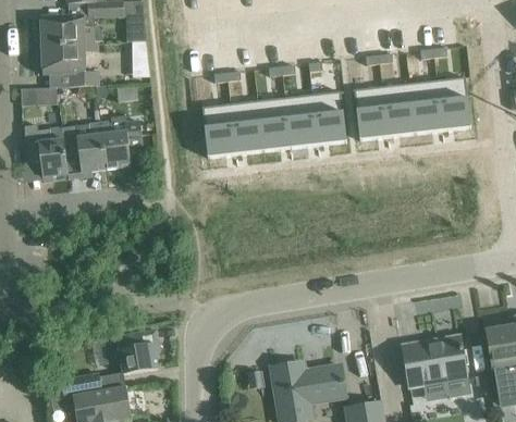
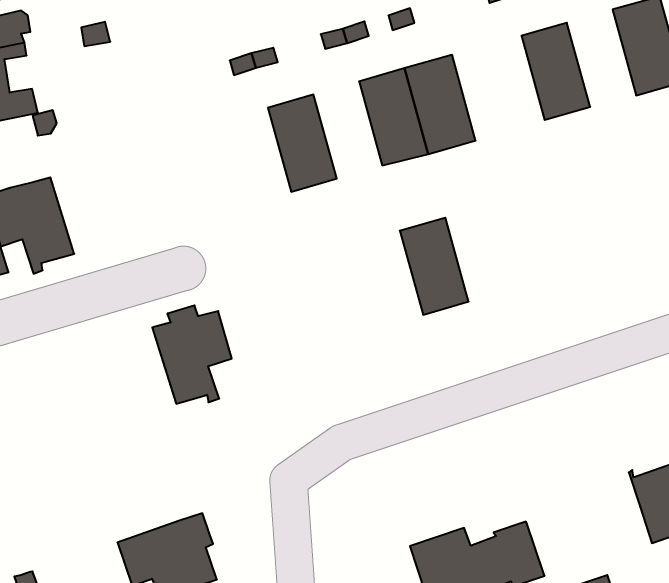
building: [409,80,442,134] -> none
building: [354,87,388,140] -> none
building: [258,98,291,151] -> [400,218,469,315]
building: [201,104,236,158] -> none
building: [100,115,143,172] -> [152,305,232,404]

